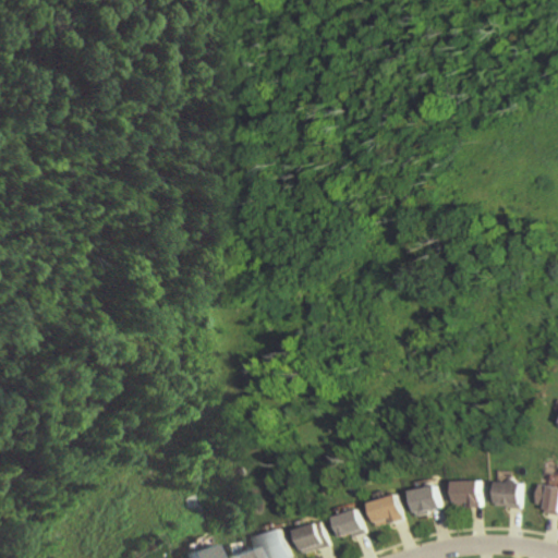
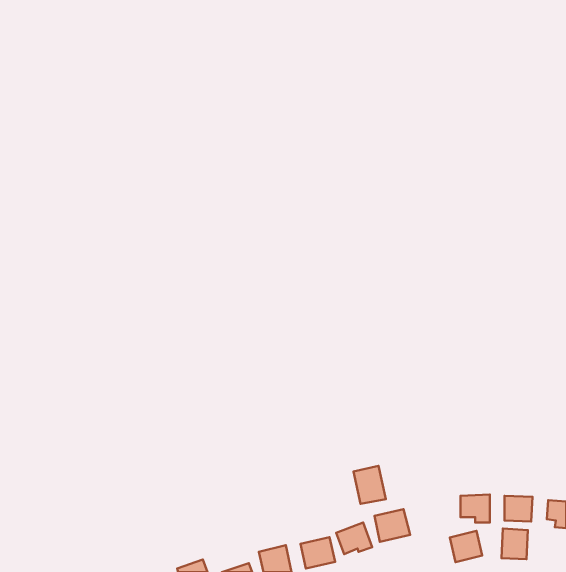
building: none -> [353,466,386,504]
building: [404,485,436,515] -> [450,531,482,562]
building: none -> [502,528,528,559]

